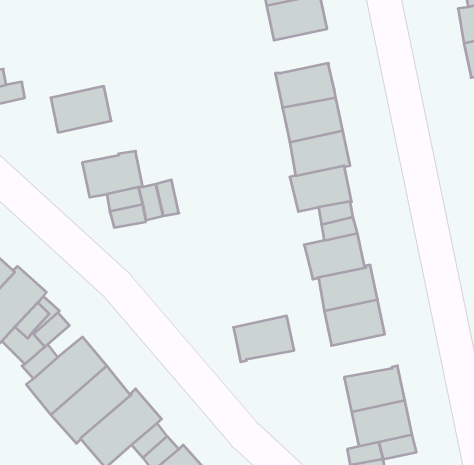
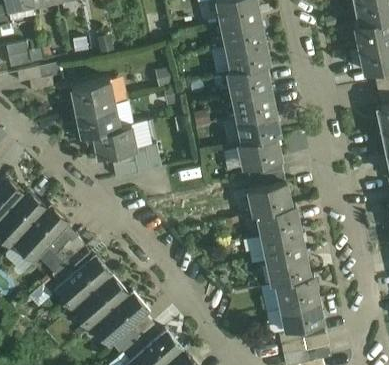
building: none -> [227,41,269,72]
building: none -> [77,105,119,138]
building: [233,316,294,362] -> [267,253,309,285]

